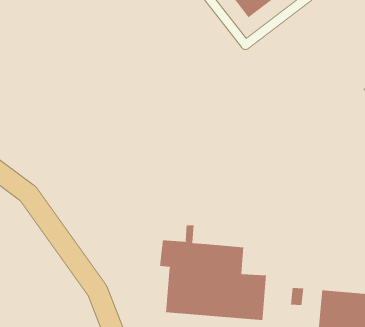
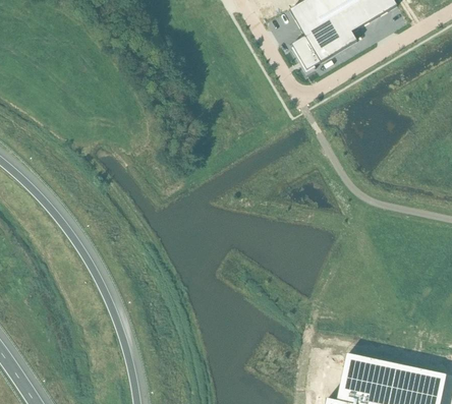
building: [159,224,267,321] -> none

